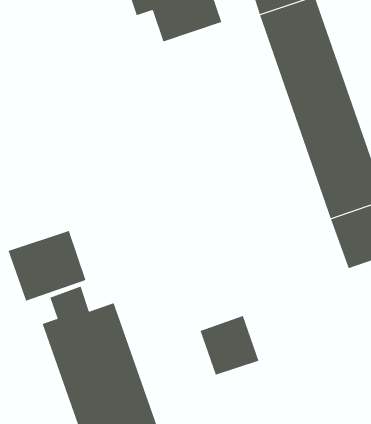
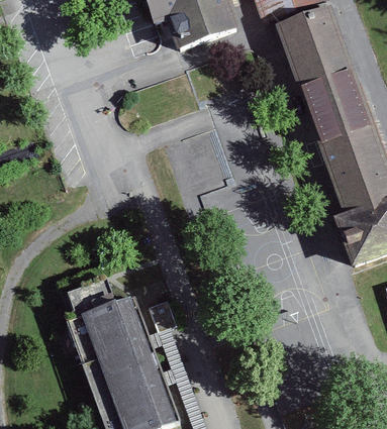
building: [8,230,86,302] -> none
building: [200,315,259,376] -> none

